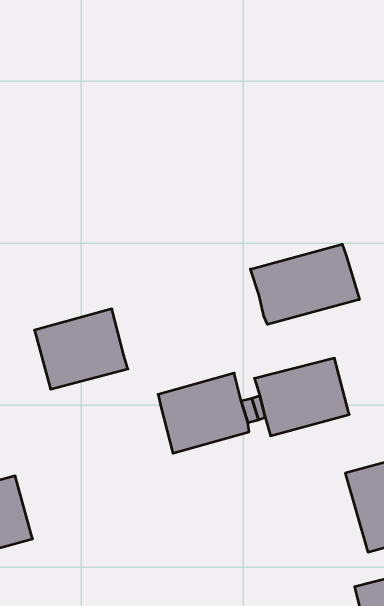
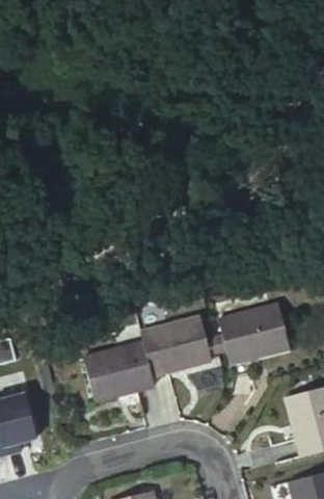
building: [250,244,359,324] -> none
building: [34,309,128,389] -> [80,341,153,403]

